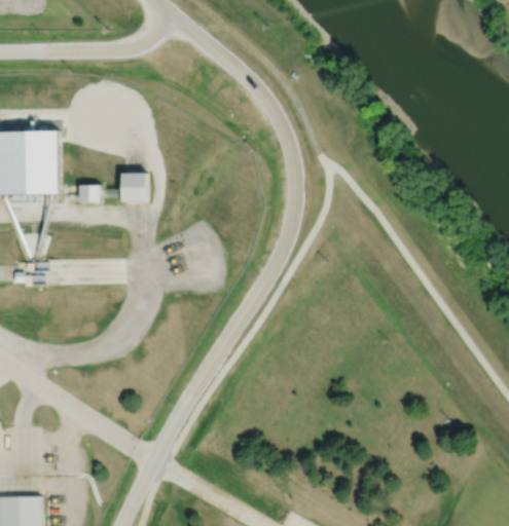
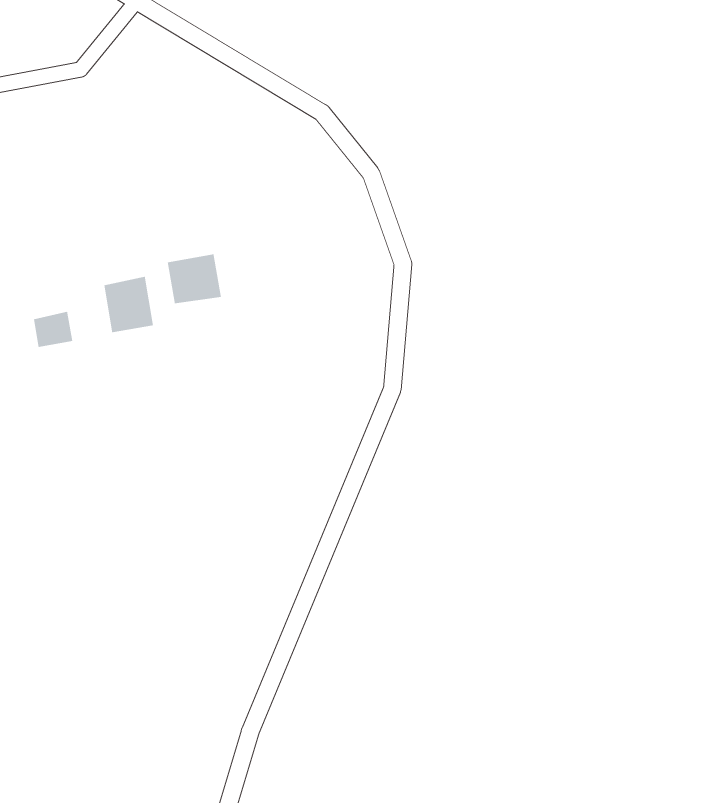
building: none -> [167,254,222,304]

